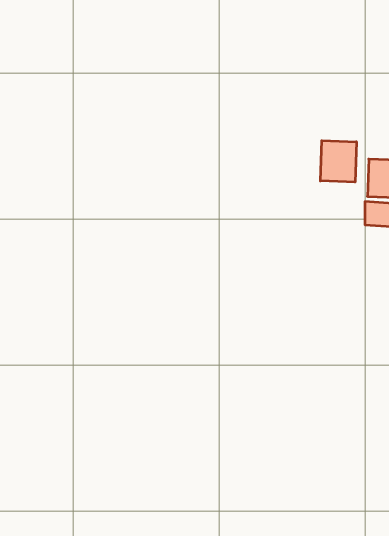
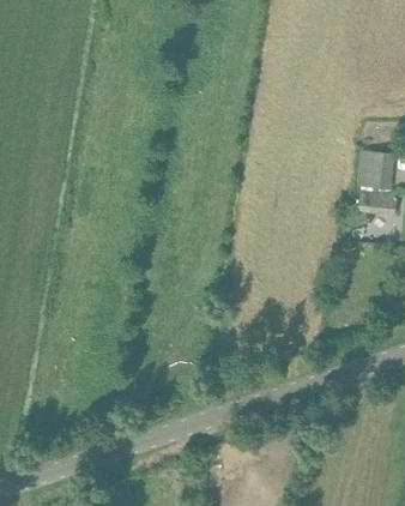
building: [320,141,356,182] -> none

